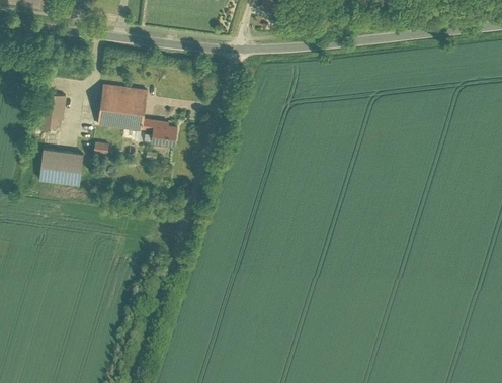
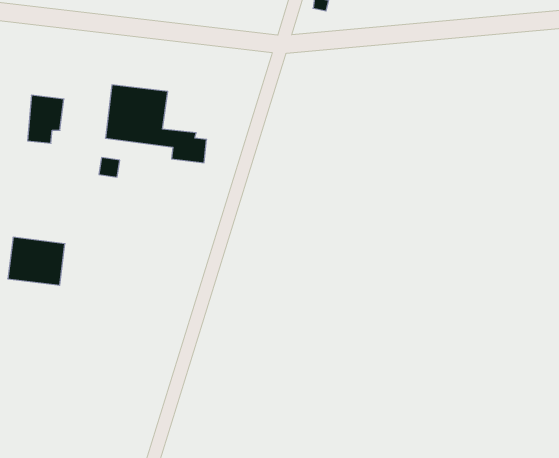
building: [38,149,83,186] -> [8,237,65,285]

